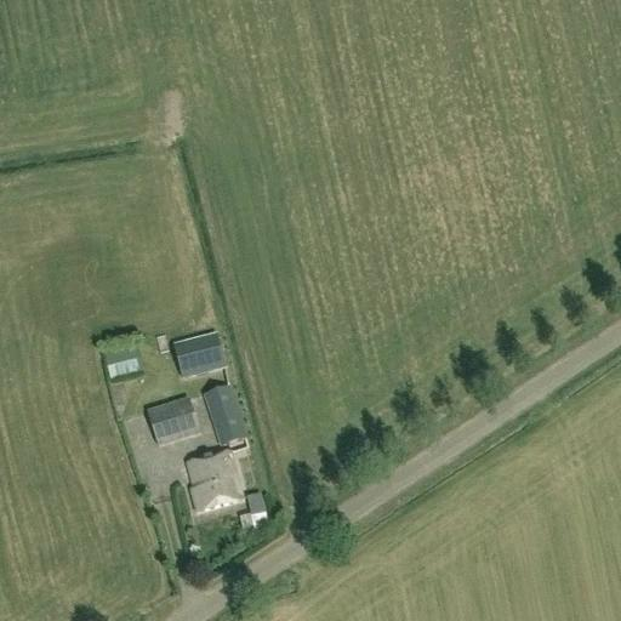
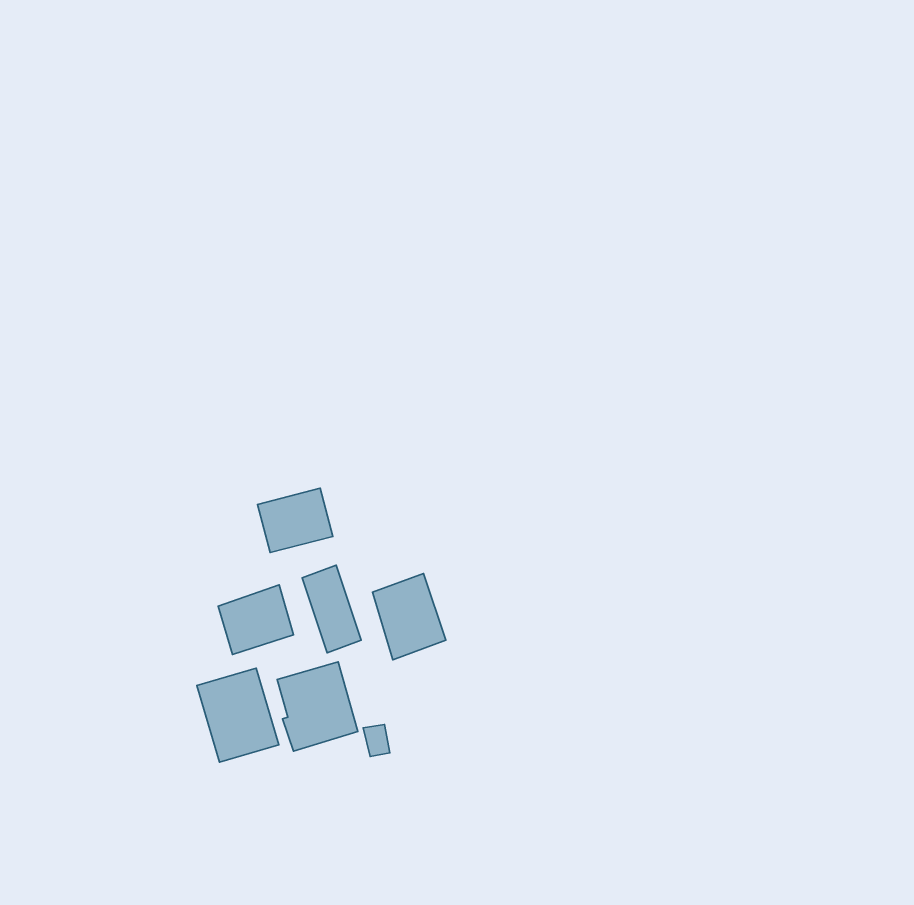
building: none -> [372,574,446,660]
building: none -> [197,668,279,762]

